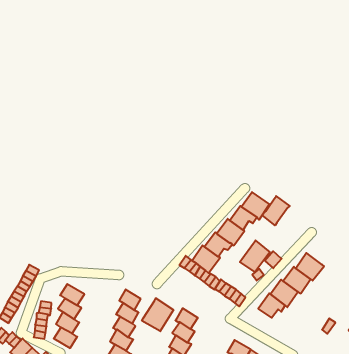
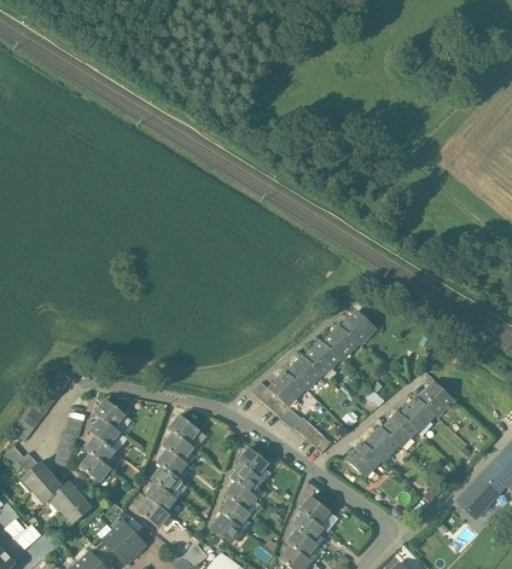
building: [262,196,290,225] -> none
building: none -> [418,382,453,413]
building: [240,240,270,272] -> none
building: [142,298,173,331] -> none

